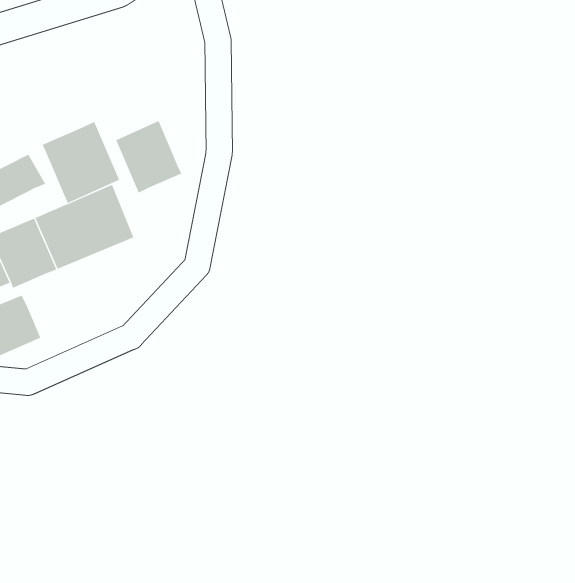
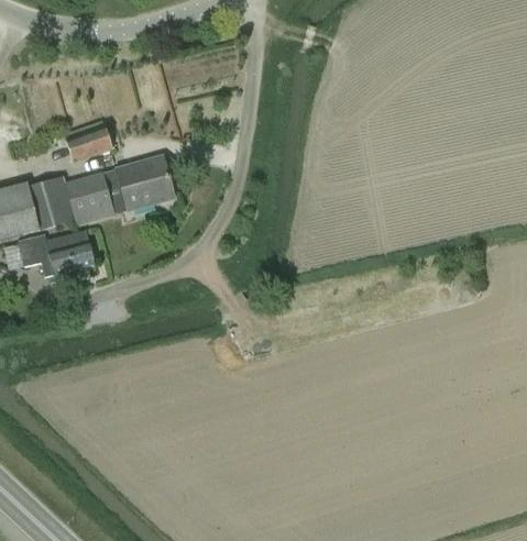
building: [115,120,182,193] -> none
building: [42,121,120,204] -> none

